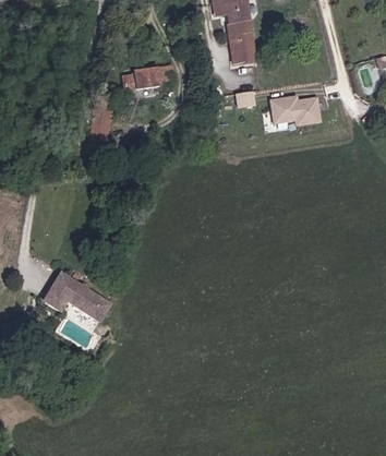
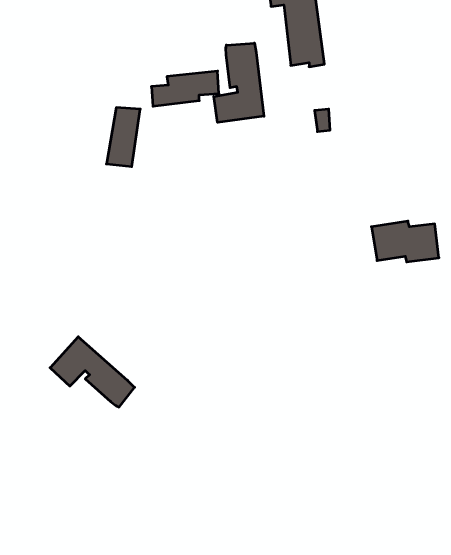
building: none -> [214,43,264,122]
building: [268,92,321,123] -> [371,221,439,262]

